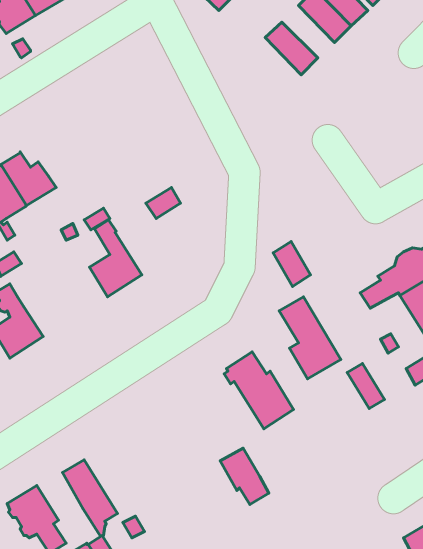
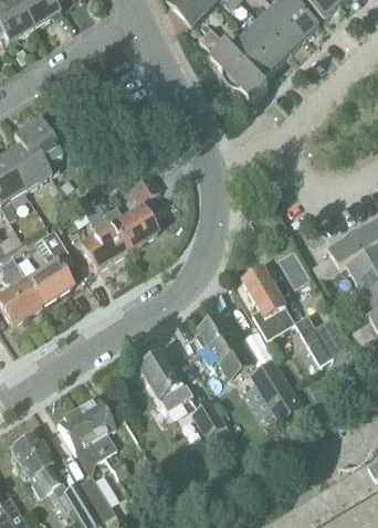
building: none -> [245,18,291,63]
building: none -> [198,25,267,98]
building: none -> [13,118,62,175]
building: none -> [102,204,156,250]
building: [273,241,310,286] -> [279,250,311,288]
building: none -> [23,229,72,303]
building: none -> [140,351,192,408]
building: none -> [250,357,305,421]
building: none -> [75,397,115,455]

